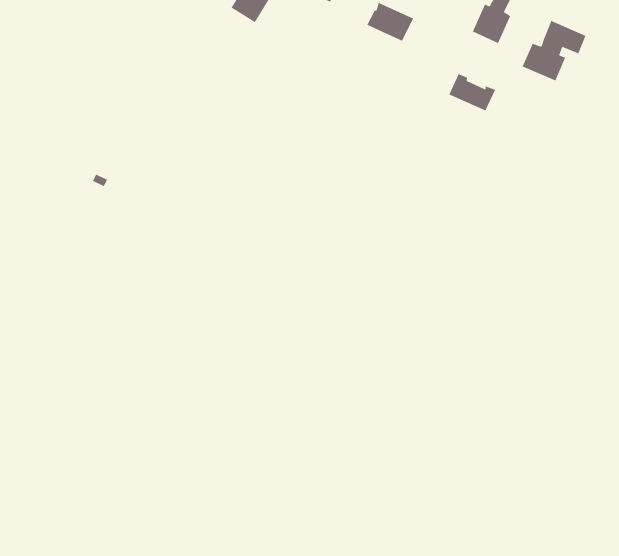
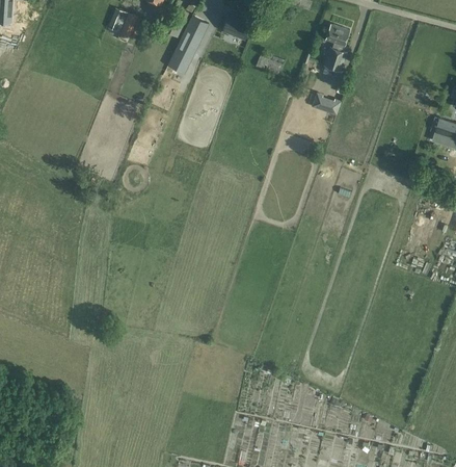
building: [522,20,587,81] -> none

